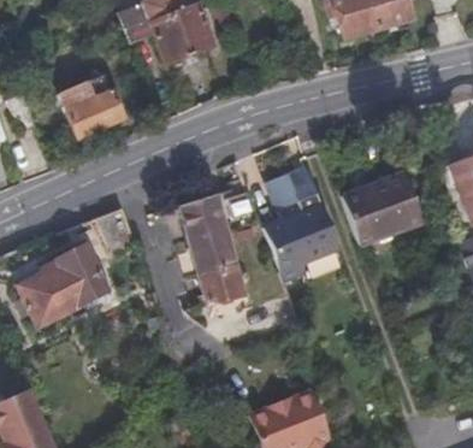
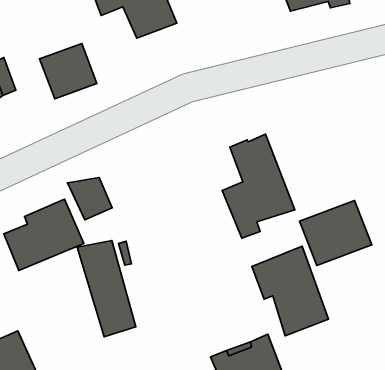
building: [341,169,421,241] -> [299,201,372,265]
building: [179,200,244,307] -> [77,241,136,337]
building: none -> [252,246,328,336]

